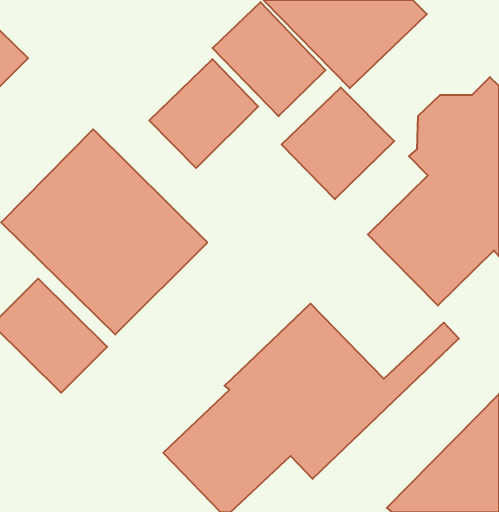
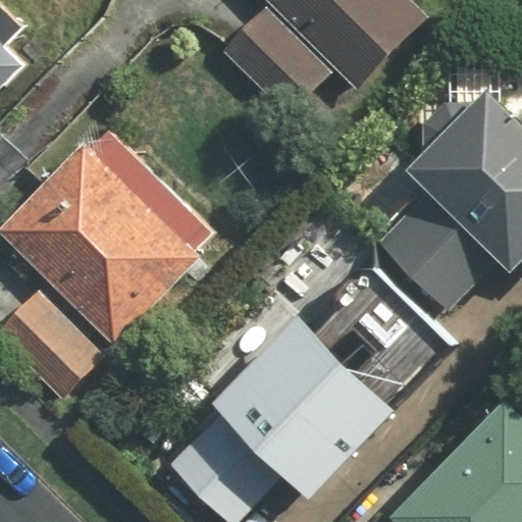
building: [149,59,258,168] -> none
building: [282,87,394,199] -> none

